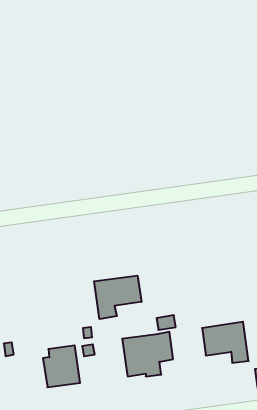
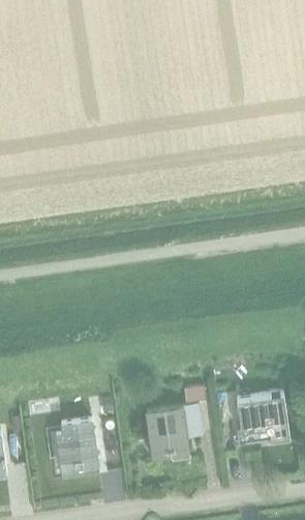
building: [94,276,141,319] -> none

